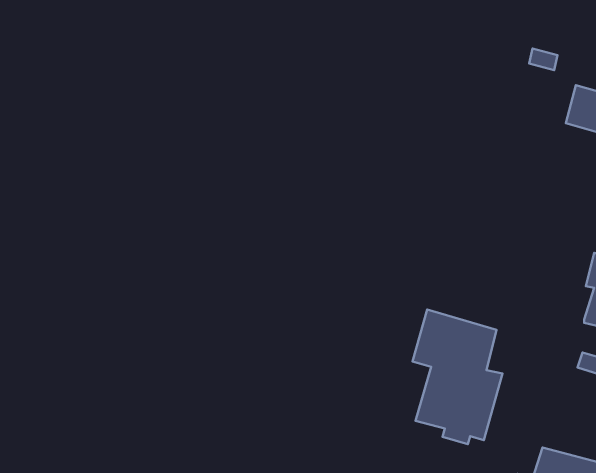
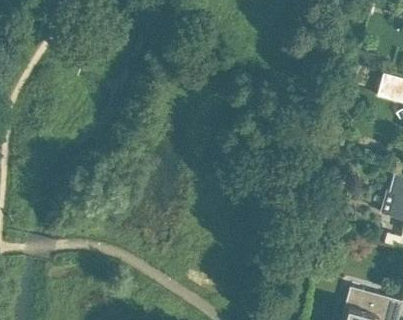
building: [412,309,502,444] -> none

